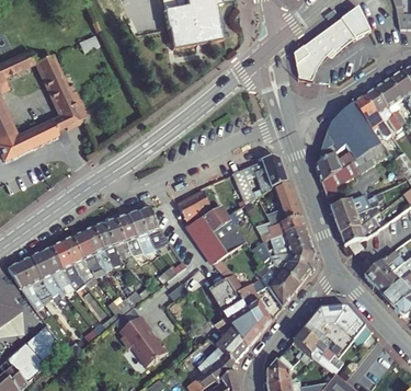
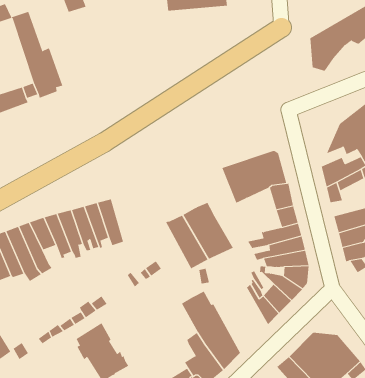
building: [176,191,209,225] -> none
building: [138,206,168,245] -> none
building: [236,283,273,331] -> none

